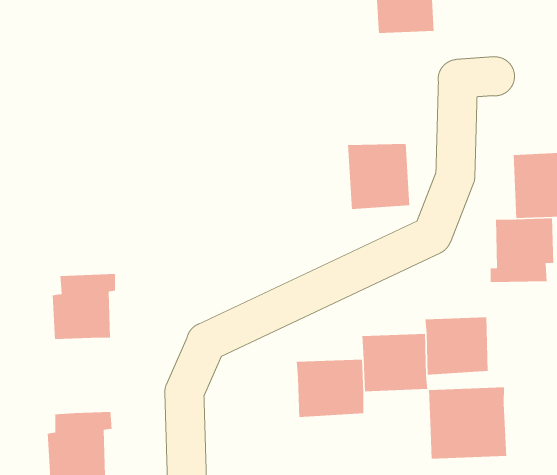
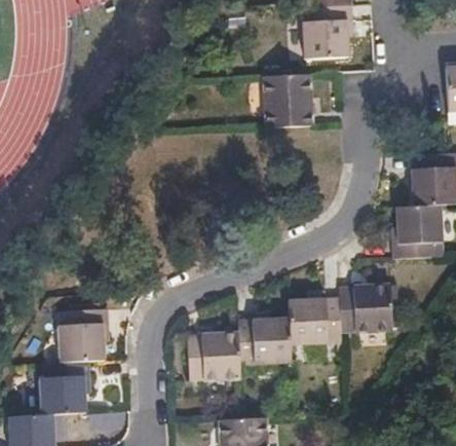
building: [347,143,410,210] -> [263,74,313,127]
building: [52,273,116,340] -> [58,307,109,361]
building: none -> [187,333,240,379]
building: [428,386,507,460] -> none

